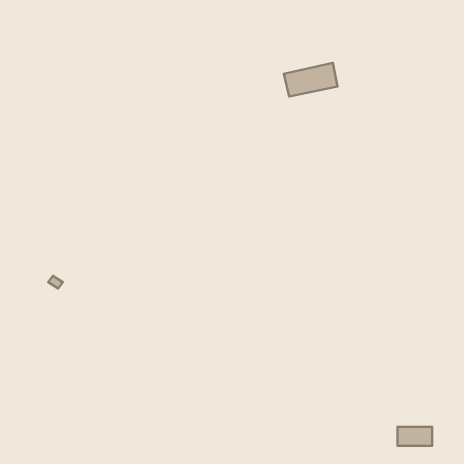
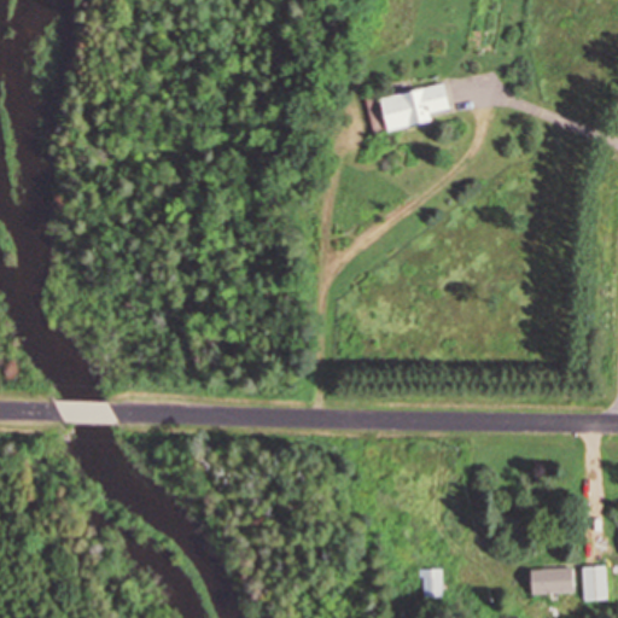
building: none -> [584,566,607,600]
building: none -> [421,569,444,597]

